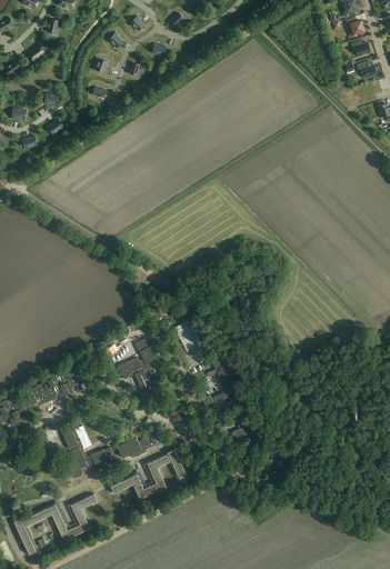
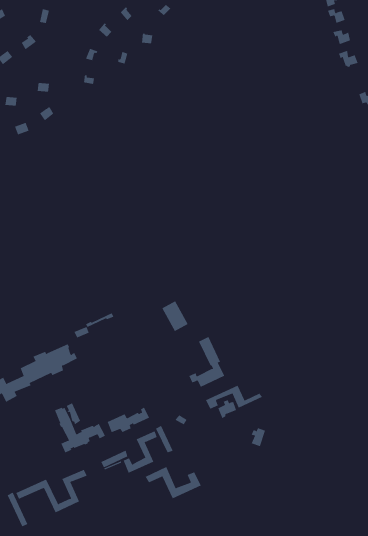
building: [118,340,163,391] -> none
building: none -> [205,385,263,409]
building: none -> [145,466,202,499]

